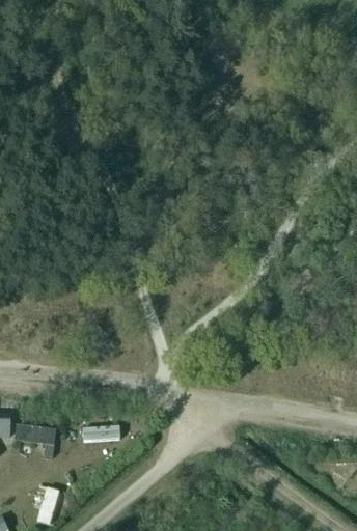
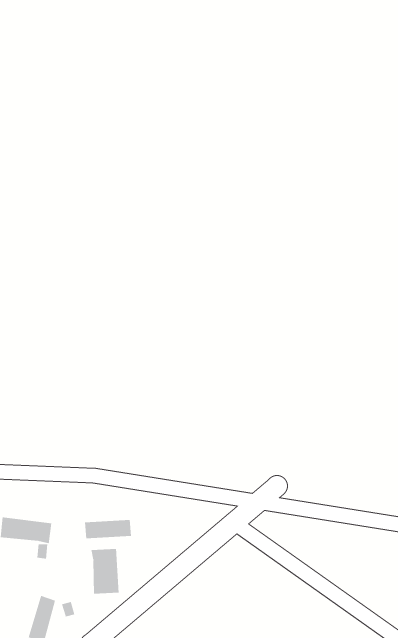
building: none -> [91,548,119,595]

